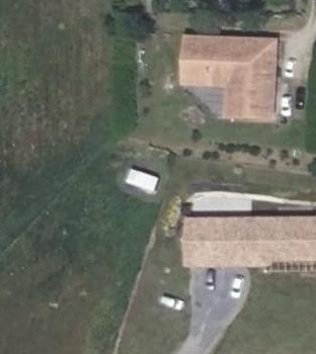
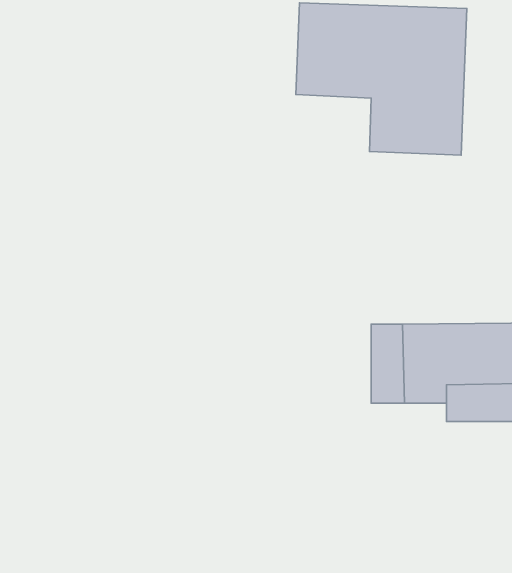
building: [183,215,220,260] -> none

